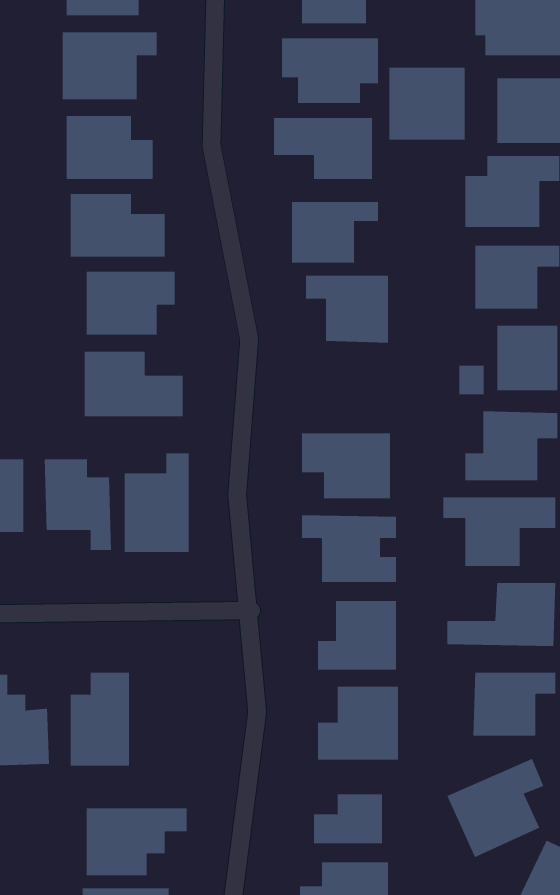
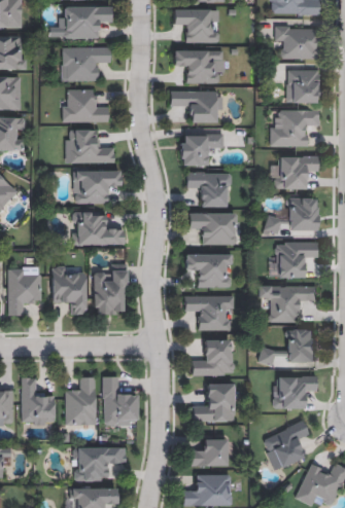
building: [389,67,465,141] -> none
building: none -> [189,212,237,245]
building: none -> [104,376,139,425]

